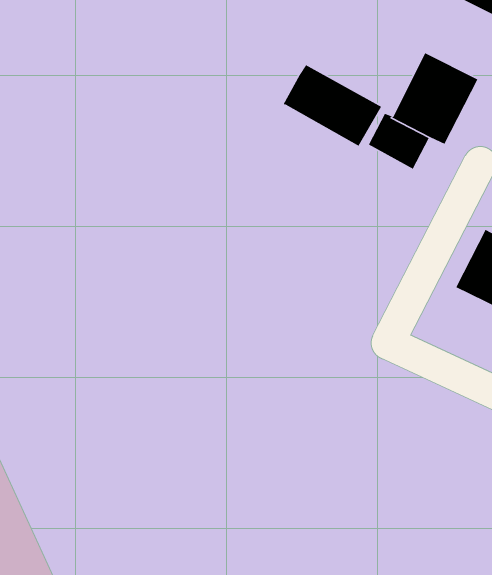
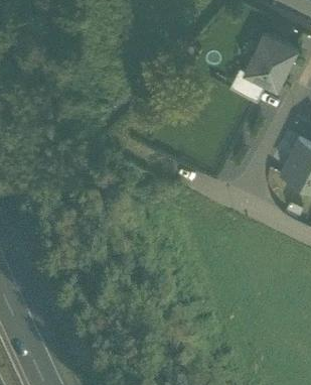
building: [283,64,382,147] -> none

